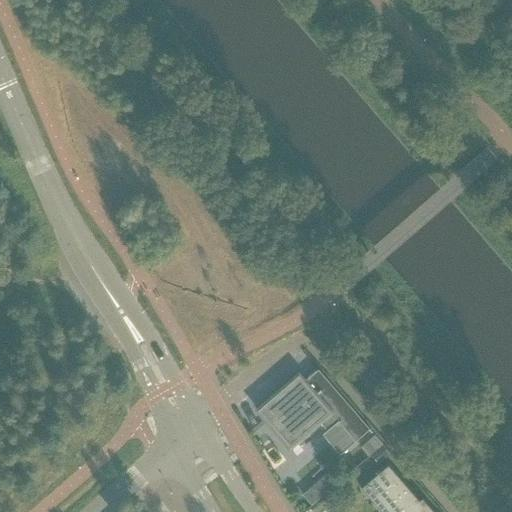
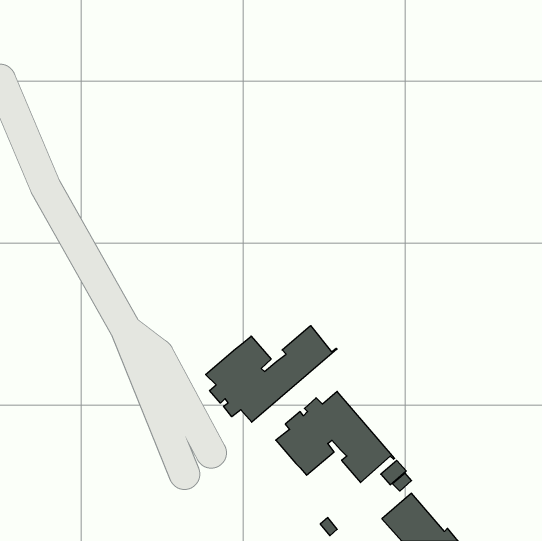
building: none -> [206,326,337,422]

